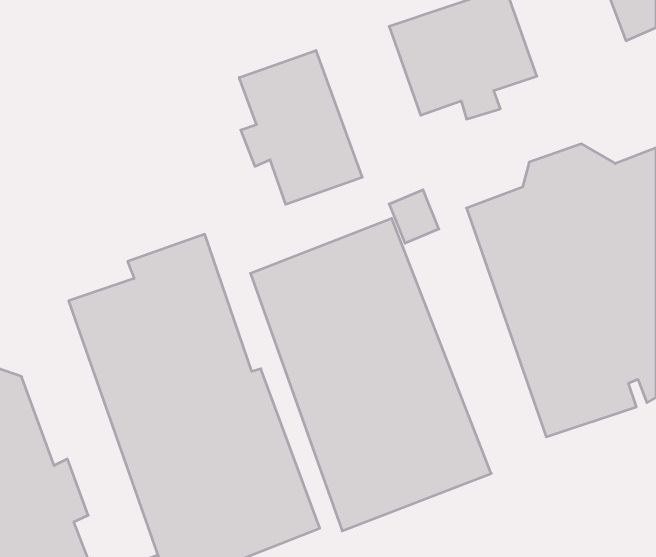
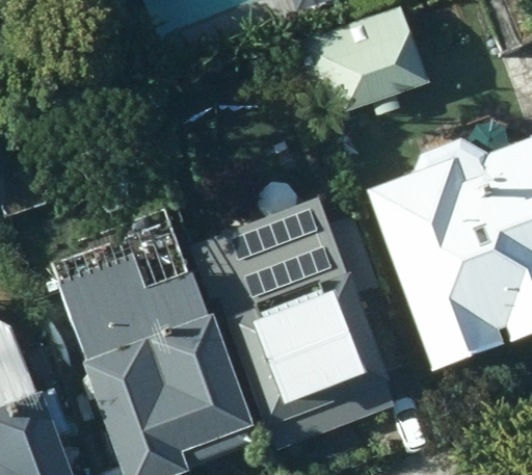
building: [239,50,362,204] -> none

